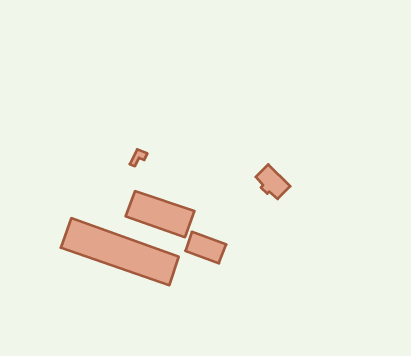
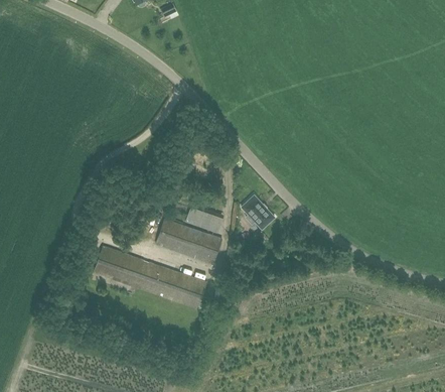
building: [256,164,290,199] -> [241,191,274,225]
building: [185,232,226,263] -> [184,203,224,233]

